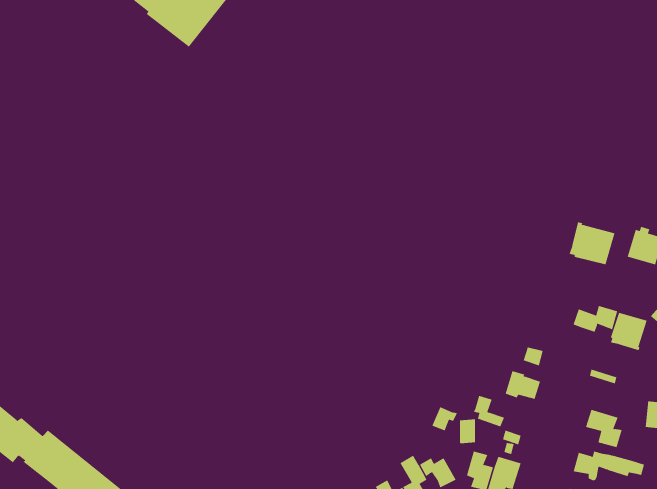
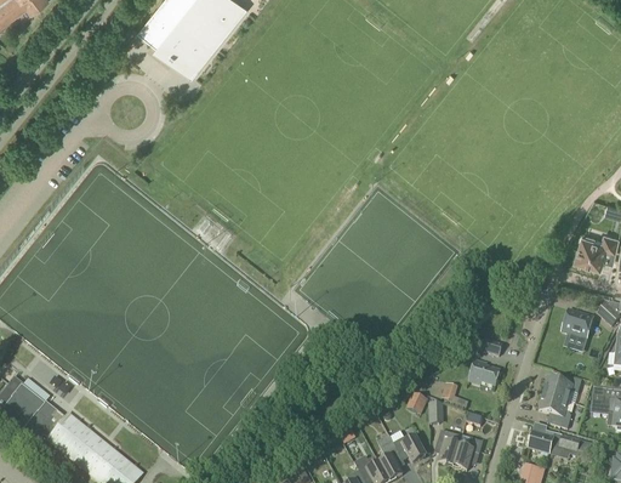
building: [569,222,615,265] -> none
building: [573,305,618,333] -> none
building: none -> [543,375,581,402]

